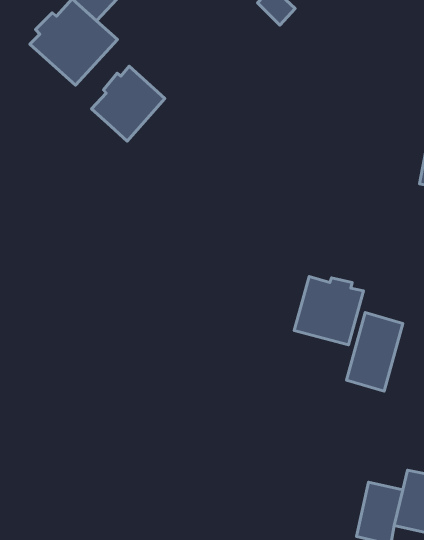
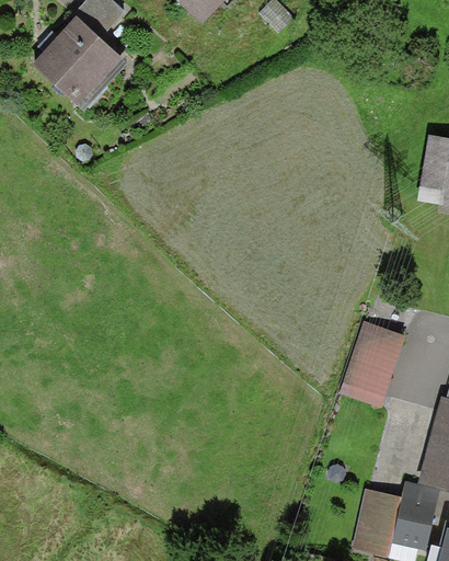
building: [92,66,165,141] -> none
building: [294,277,363,345] -> none

